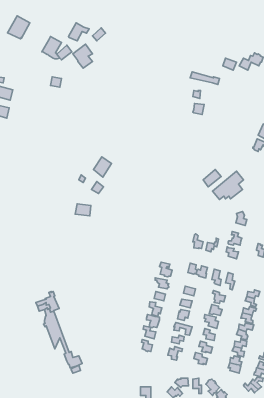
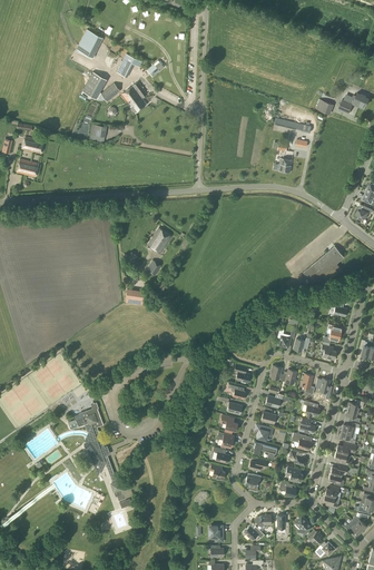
building: [8,16,30,39] -> [76,29,105,59]

